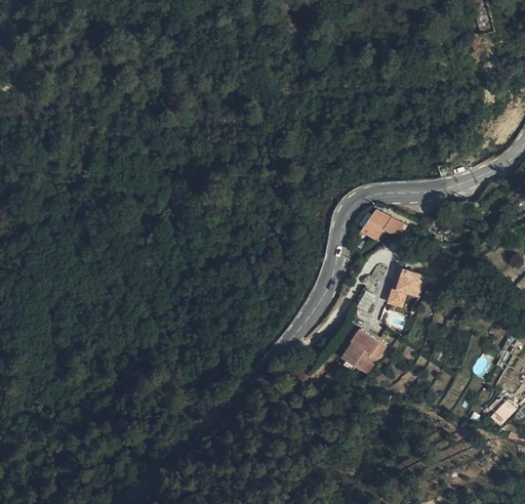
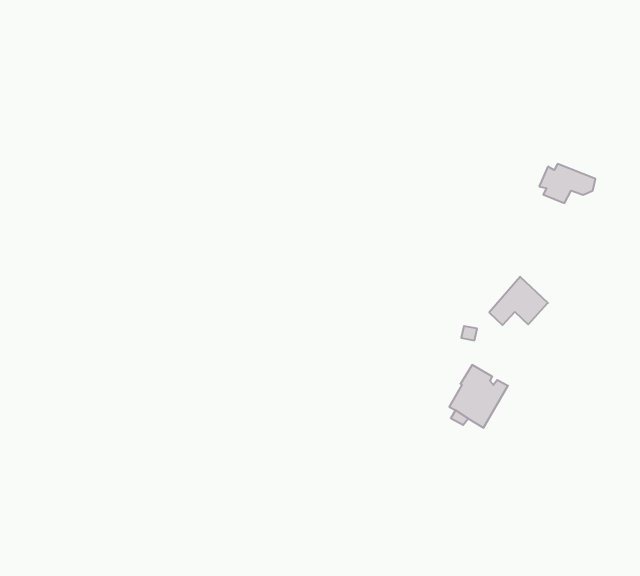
building: [363,213,404,242] -> [539,164,595,203]

